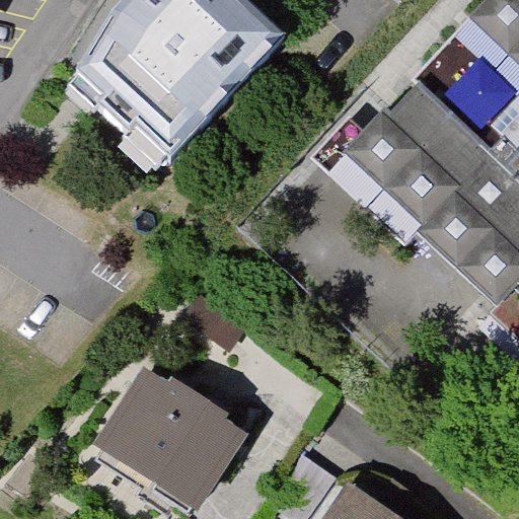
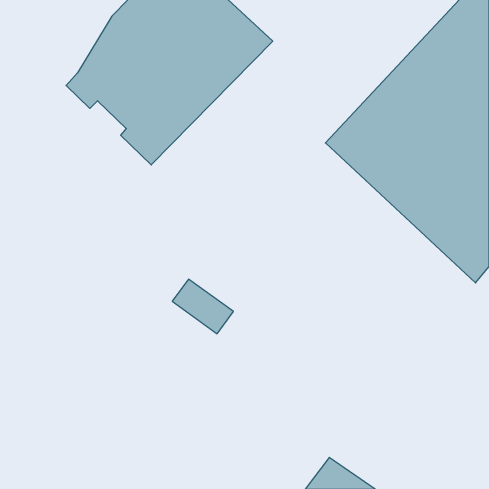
building: [91,368,246,513] -> none

